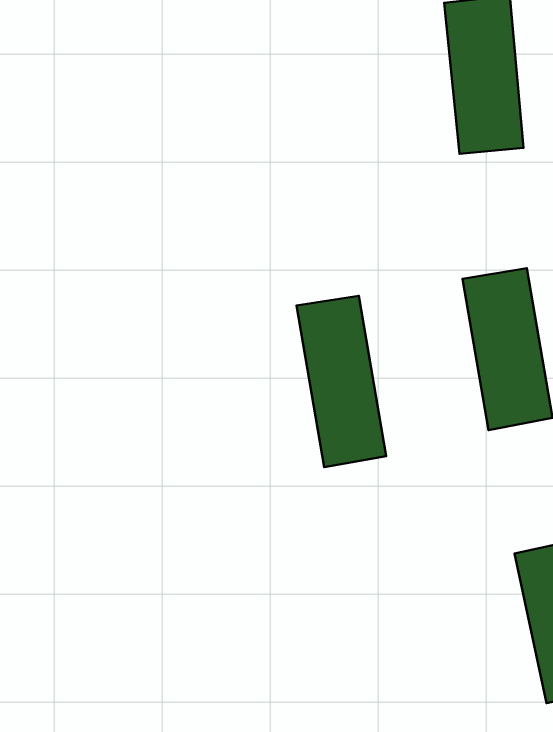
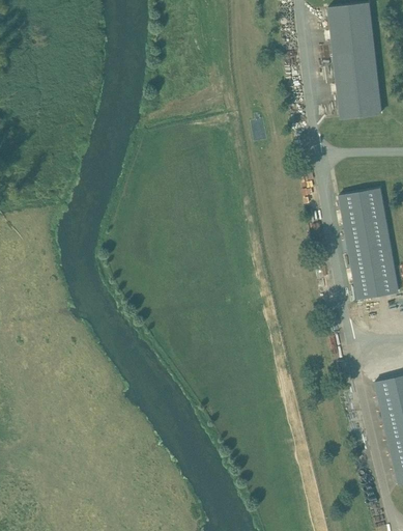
building: [296,296,386,467] -> none

